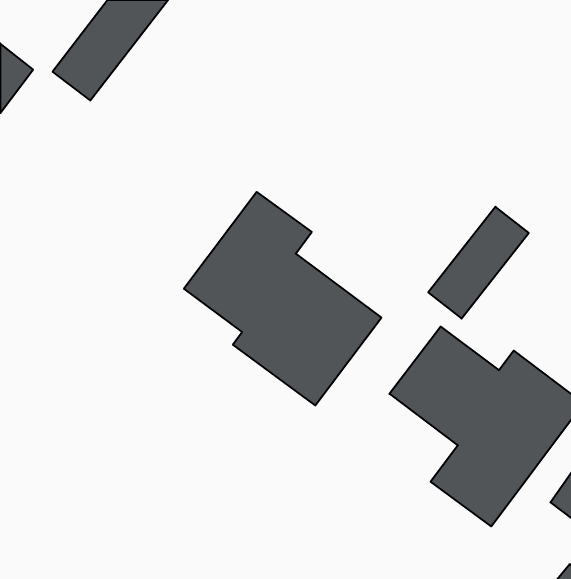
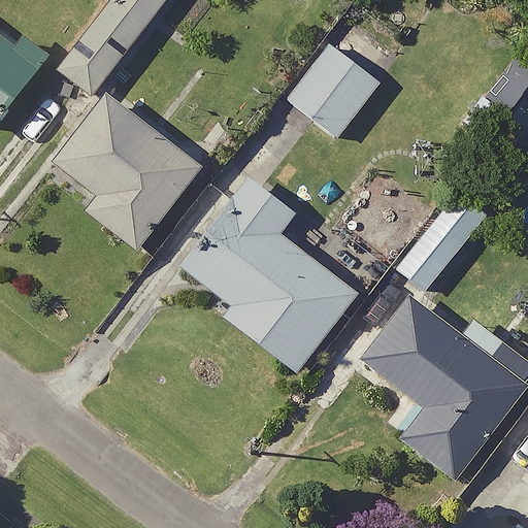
building: none -> [287,42,383,139]
building: none -> [55,93,200,248]

